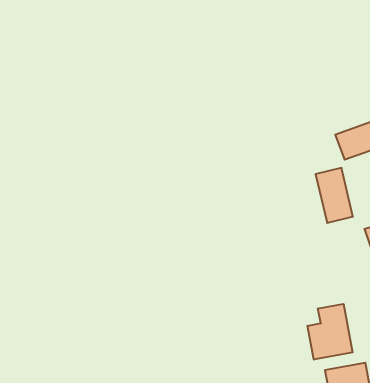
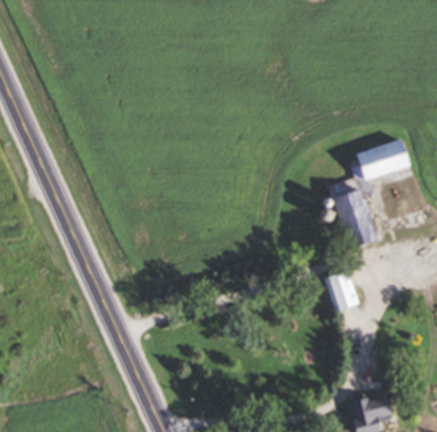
building: none -> [323,271,356,310]
building: [308,304,353,360] -> none

